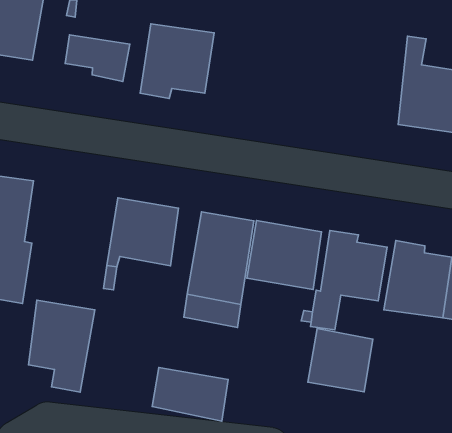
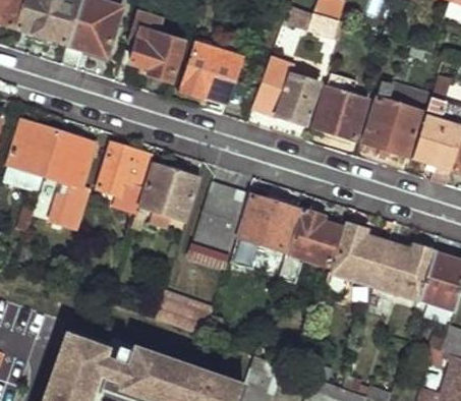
building: none -> [314,70,367,138]
building: none -> [252,65,319,123]
building: [28,300,95,392] -> [99,142,153,214]
building: [308,329,373,392] -> none

